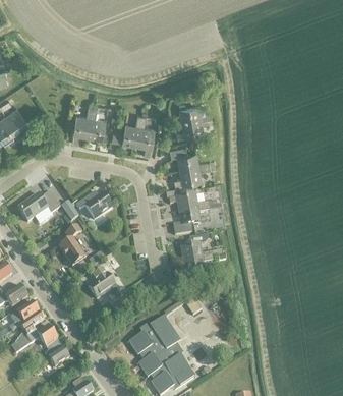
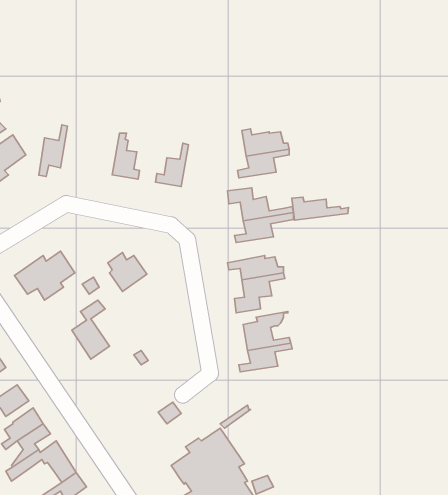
building: [72,105,93,142] -> [39,125,68,177]
building: [136,114,154,154] -> none
building: none -> [292,197,349,220]
building: [89,267,116,297] -> none

